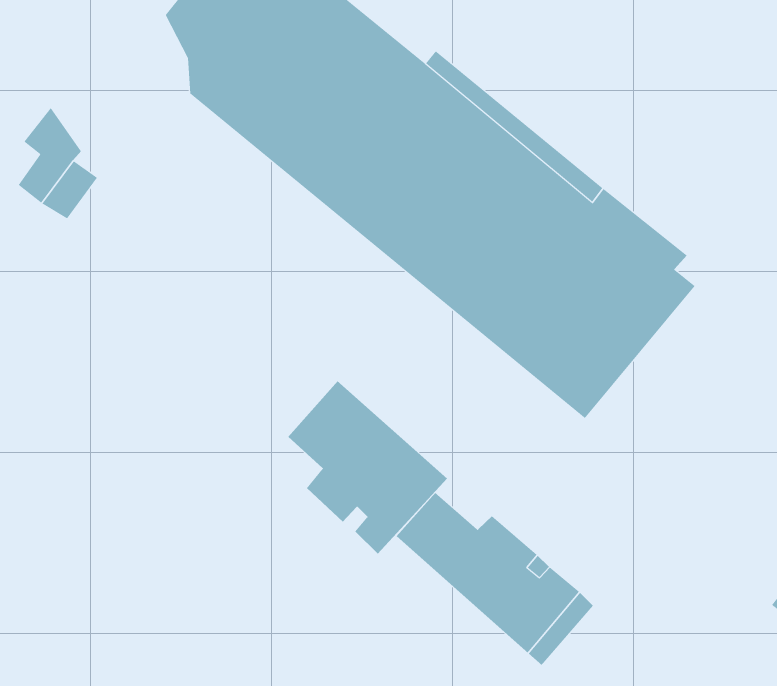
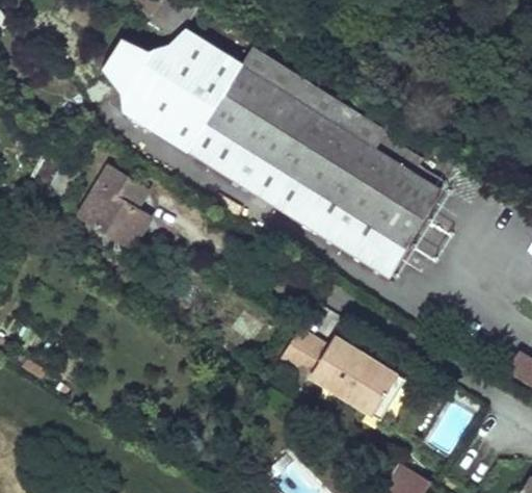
building: none -> [79,163,152,247]
building: [287,380,448,554] -> none

